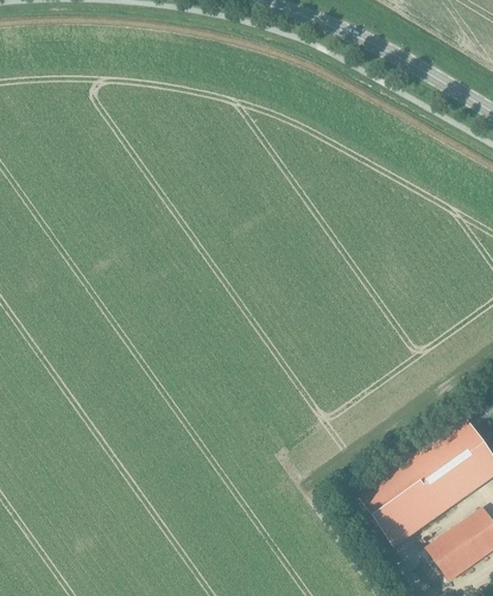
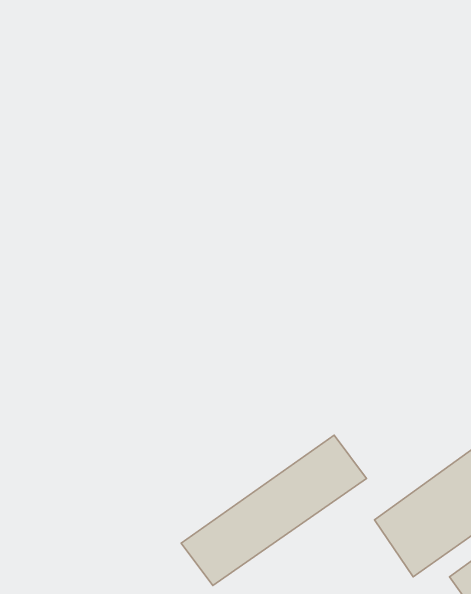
building: none -> [181,435,366,585]

